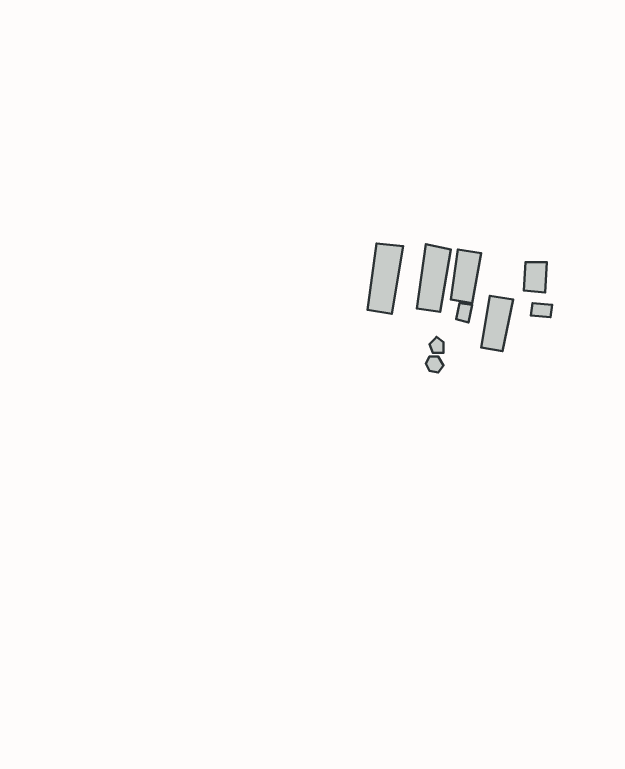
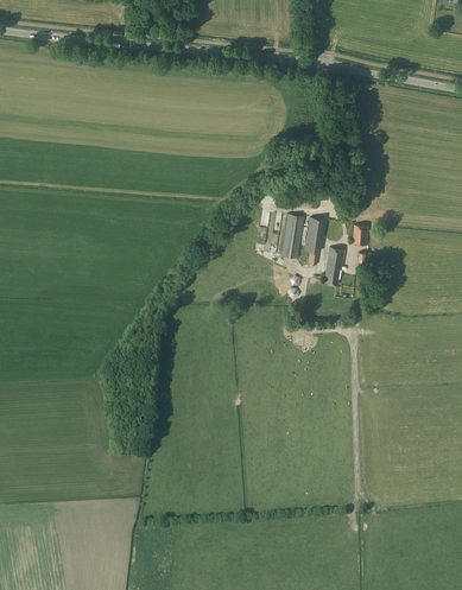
building: [367,244,403,314] -> none

